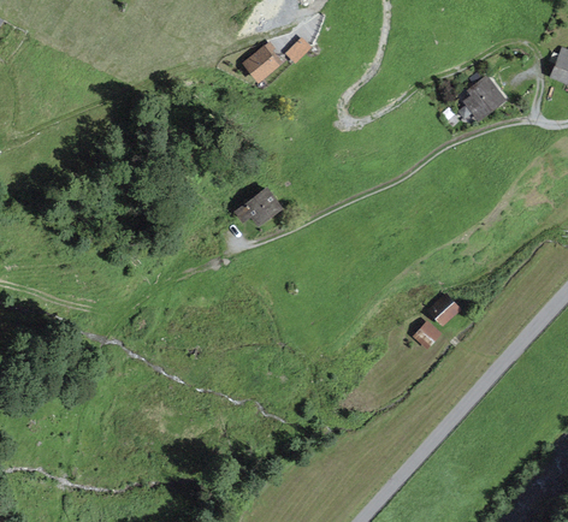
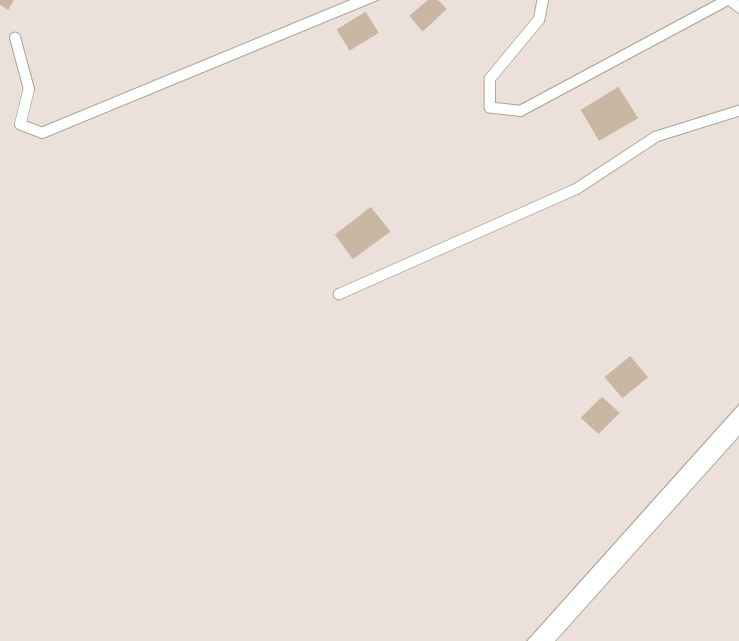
building: [460,79,502,119] -> [580,86,639,142]

